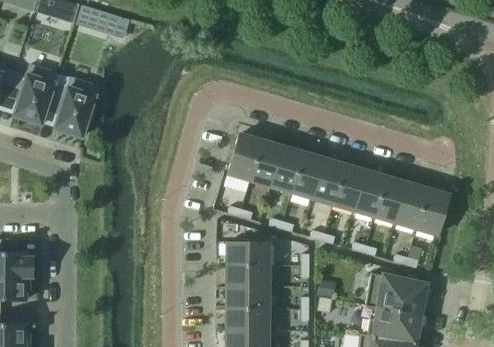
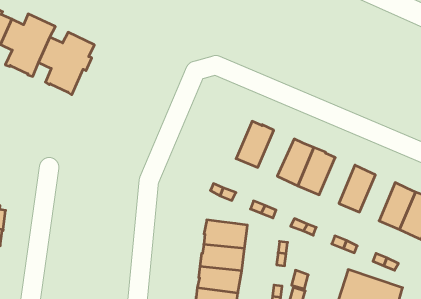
building: [227,134,260,179] -> none
building: [271,147,303,191] -> none
building: [334,166,365,210] -> none
building: [375,178,406,222] -> none

